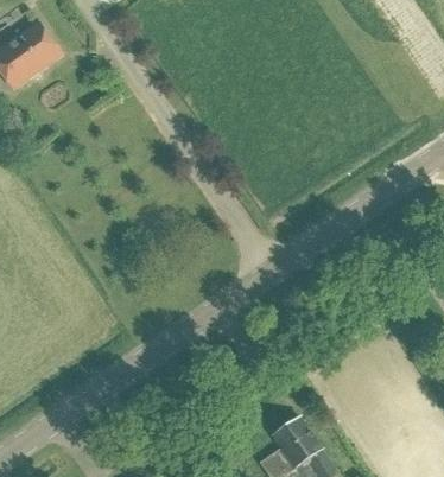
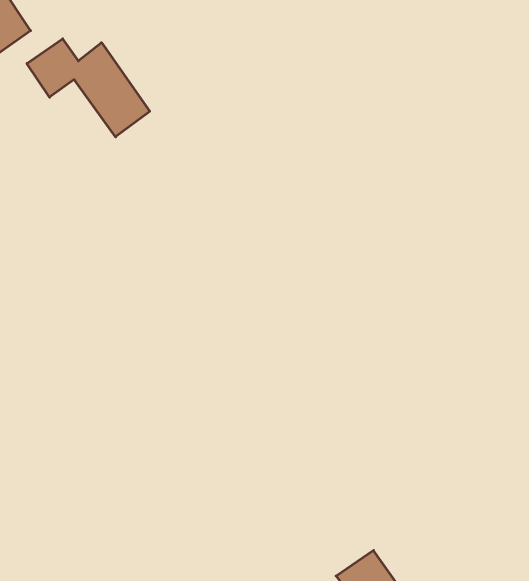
building: none -> [27,39,150,137]

